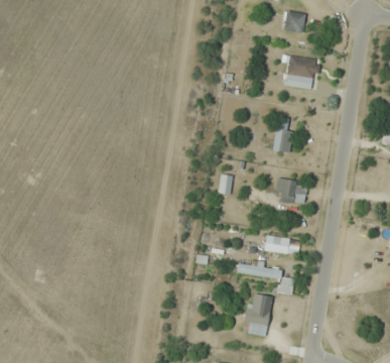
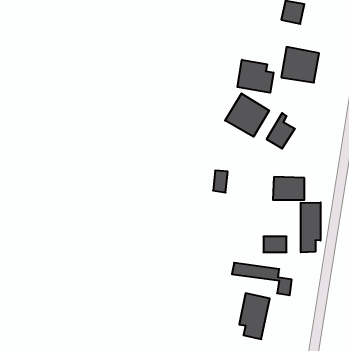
building: none -> [237,60,273,93]
building: none -> [225,93,269,137]
building: none -> [301,202,321,252]

